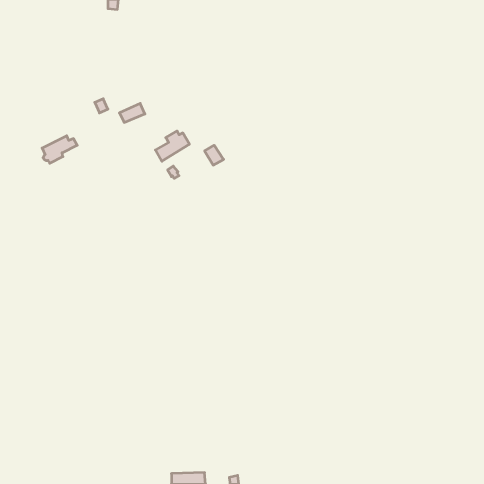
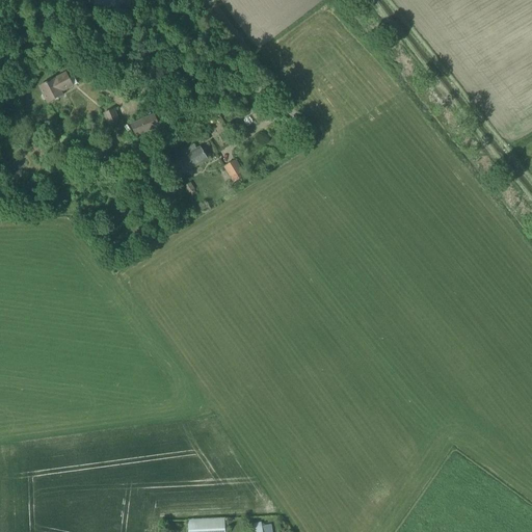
building: [42,136,77,163] -> [39,72,78,102]

